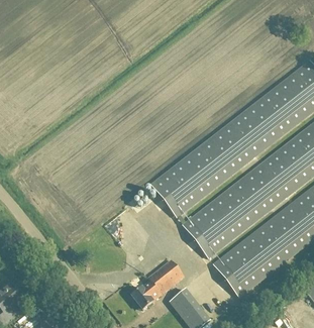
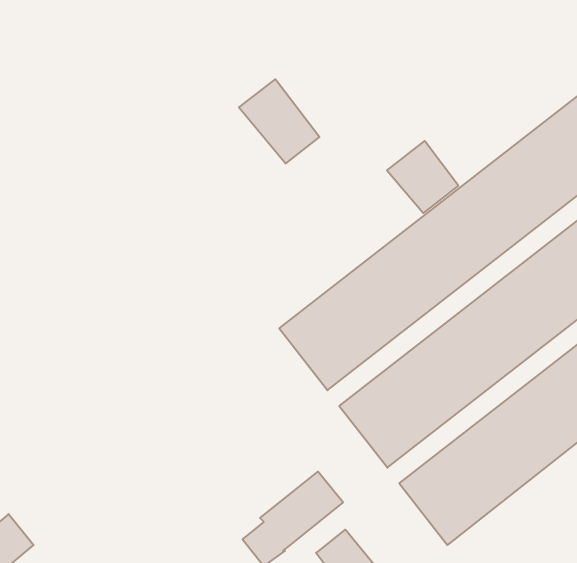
building: none -> [239,79,319,164]
building: none -> [387,141,458,213]

